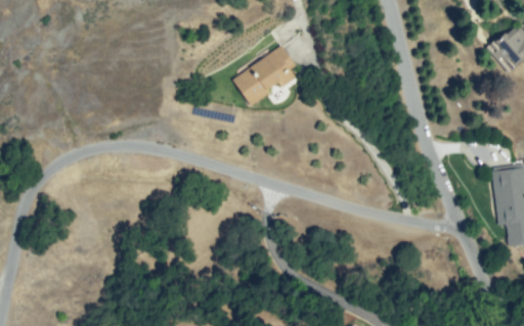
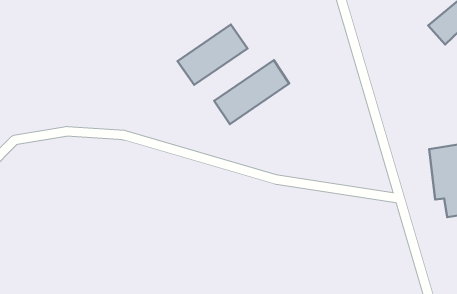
building: none -> [214,60,289,124]

